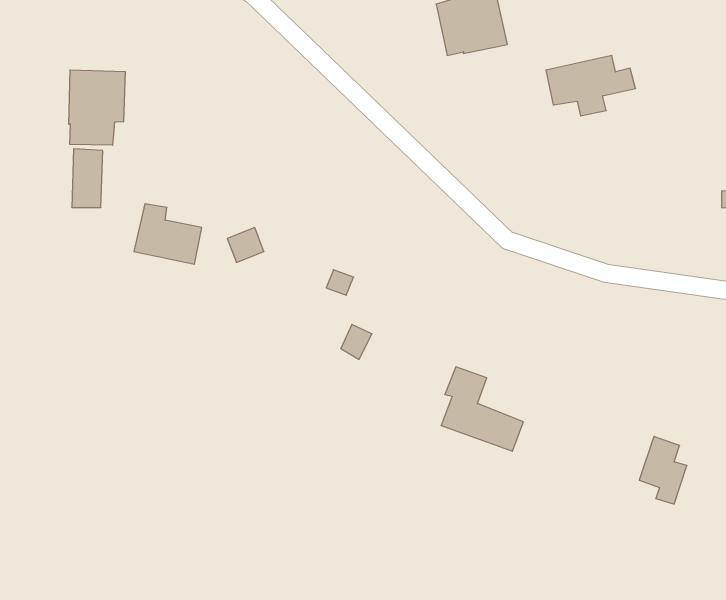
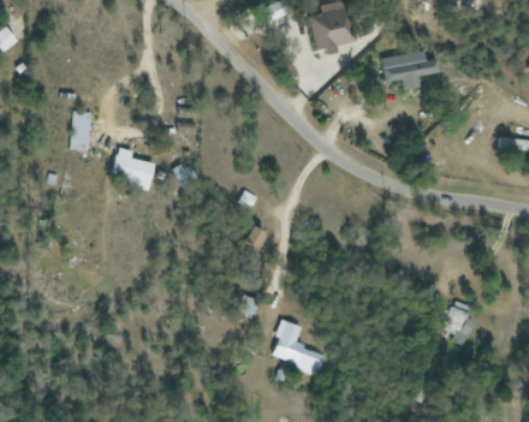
building: [69,70,125,145] -> none
building: [441,367,523,451] -> [271,319,325,374]

